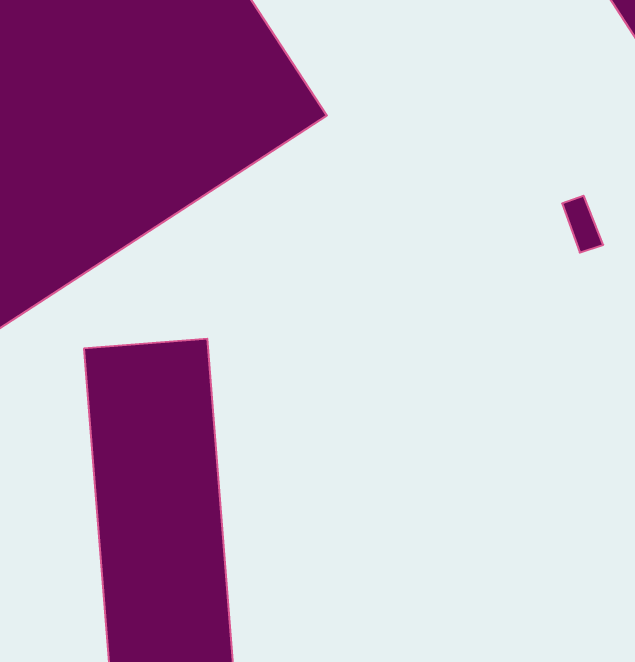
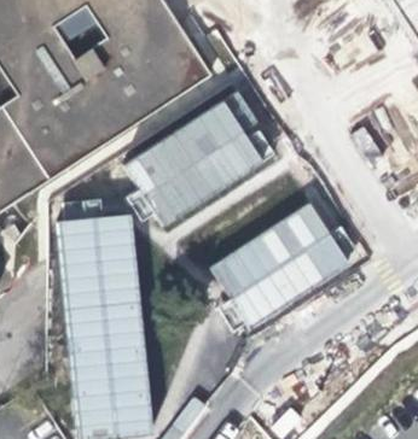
building: none -> [122,88,279,228]
building: none -> [208,199,353,333]

